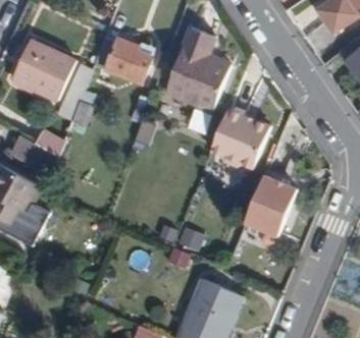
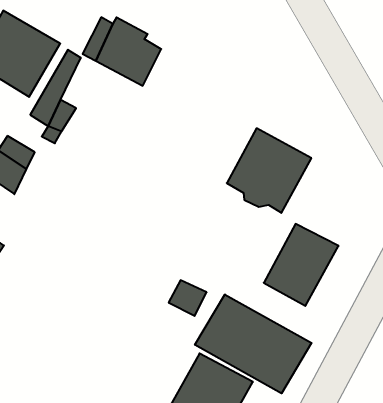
building: [165,26,230,110] -> none
building: none -> [195,294,312,393]

